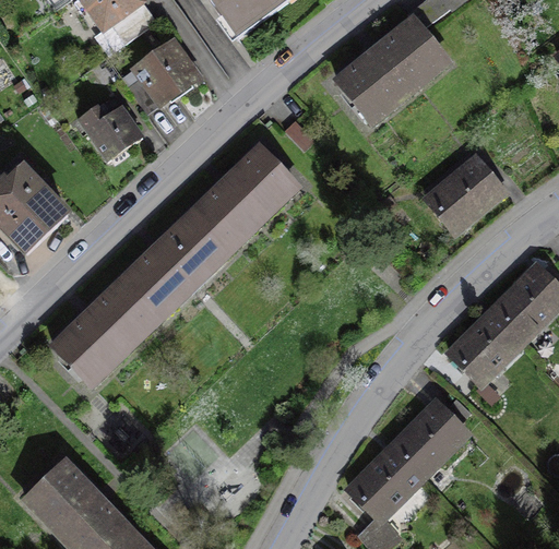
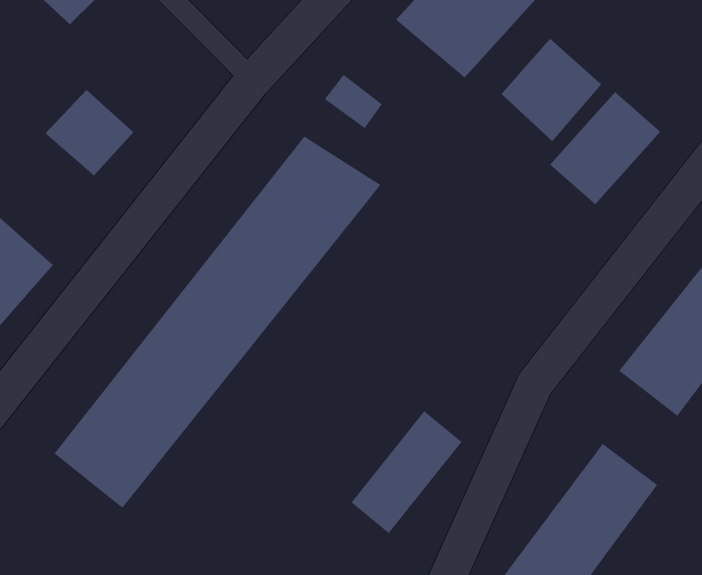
building: [130,46,200,115] -> none
building: none -> [501,38,602,142]
building: none -> [350,410,463,534]

